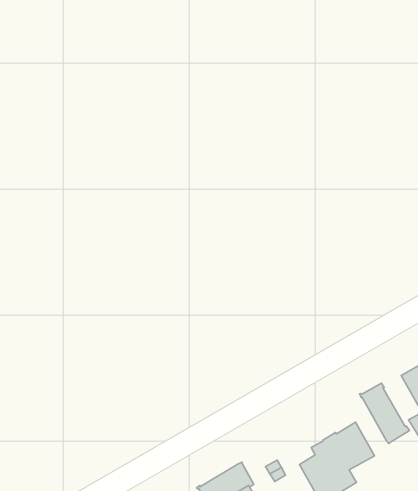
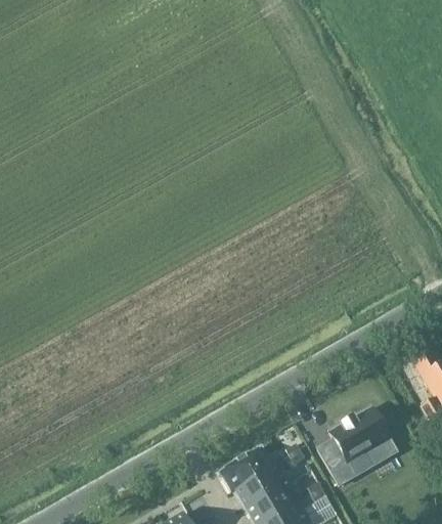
building: [359,383,409,444] -> none

